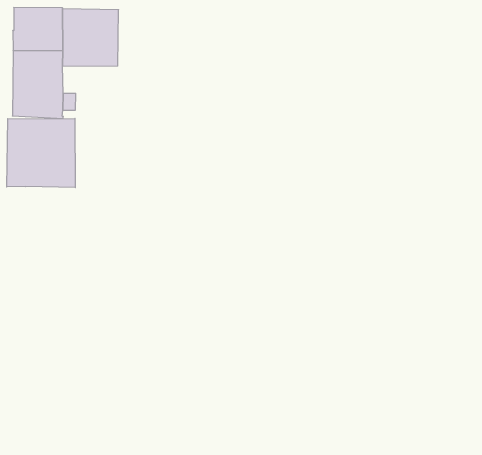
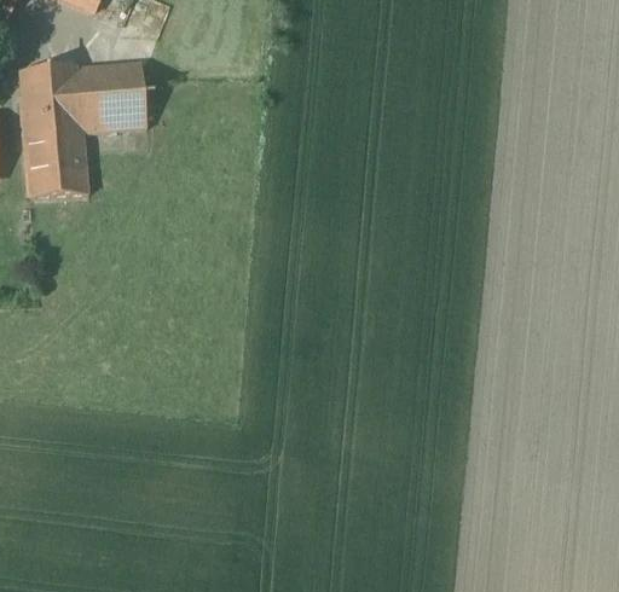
building: [7,118,75,188] -> none

